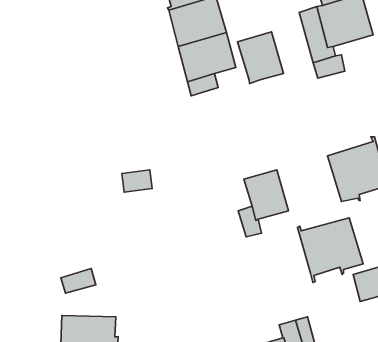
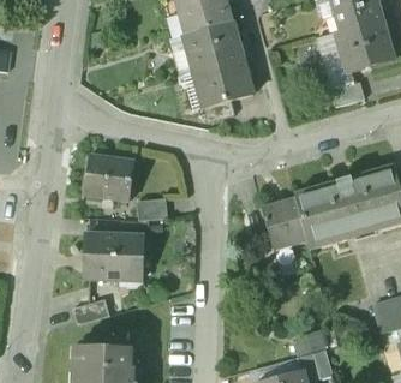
building: [237,32,284,83] -> none
building: none -> [84,154,134,199]
building: none -> [85,232,142,280]
building: [298,218,363,283] -> [293,182,360,249]

